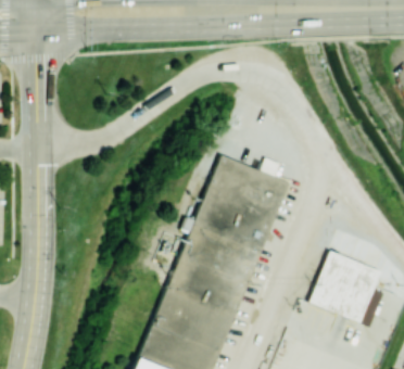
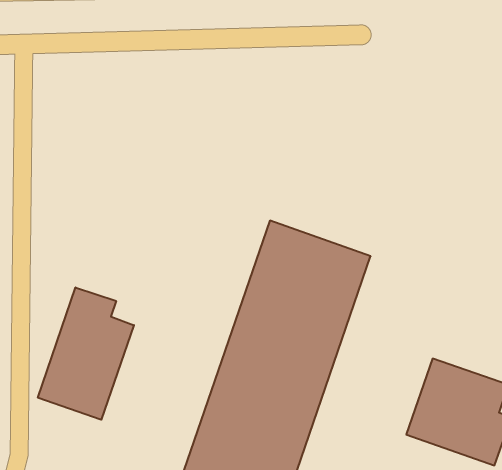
building: none -> [38,287,134,420]

